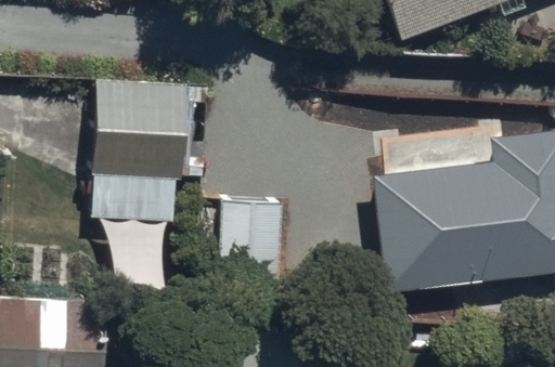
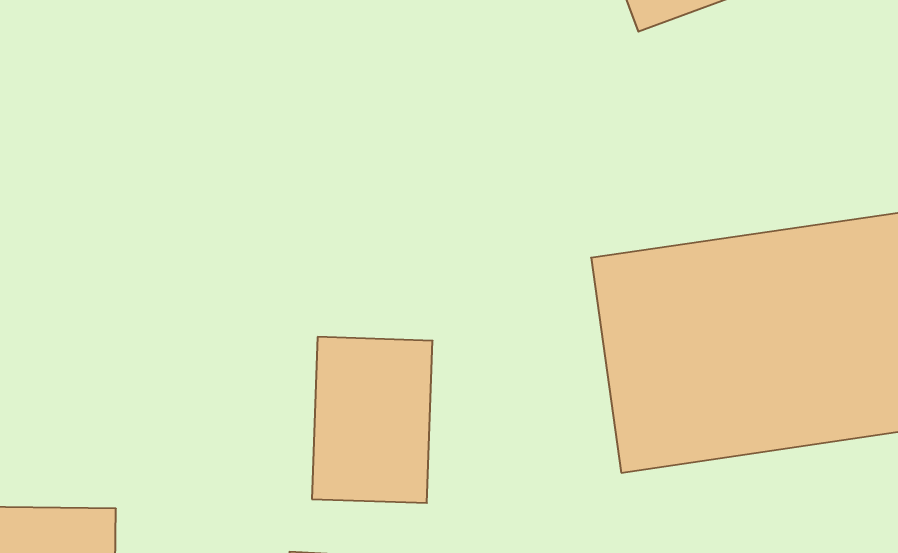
building: [90,90,183,234] -> none

